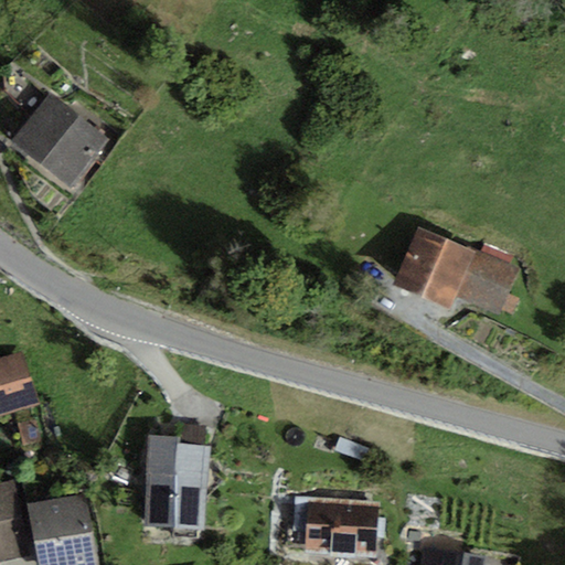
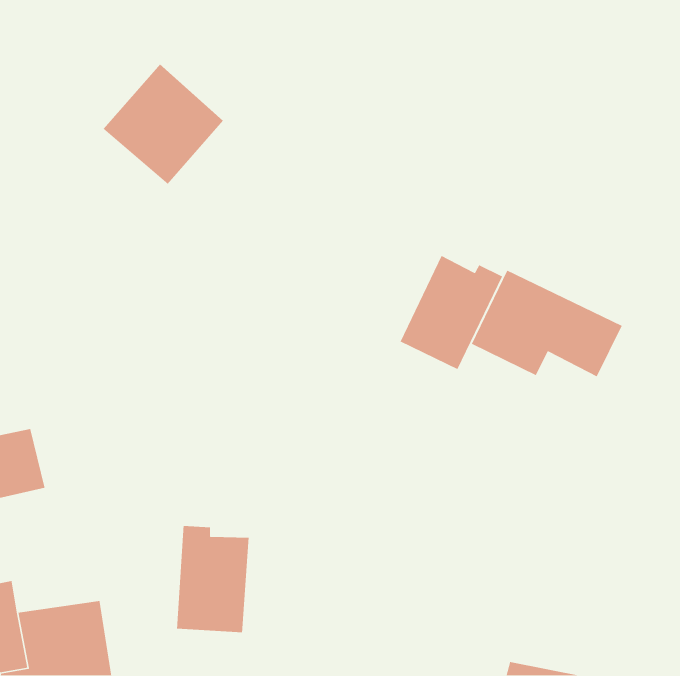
building: [6,96,106,196] -> [102,63,224,185]
building: none -> [400,255,503,370]
building: [300,499,376,550] -> none

